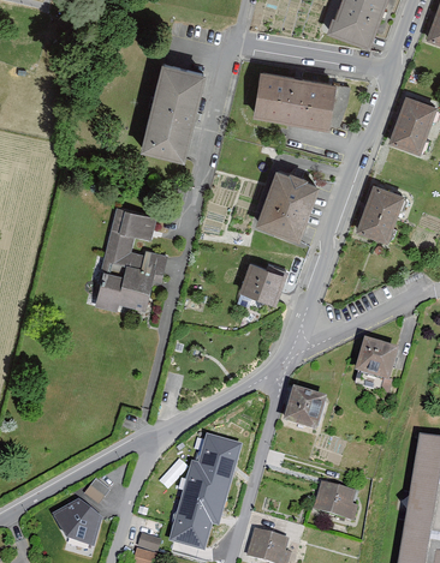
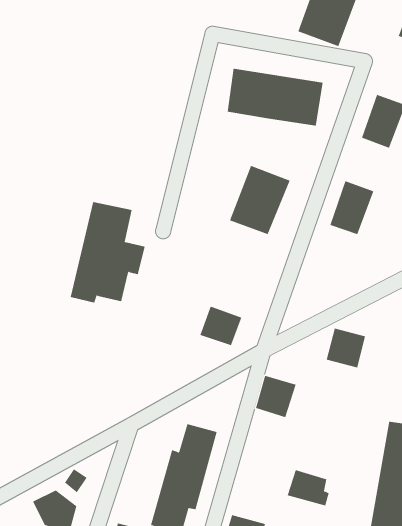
building: [149,59,212,158] -> none
building: [240,264,284,305] -> [200,306,242,346]

